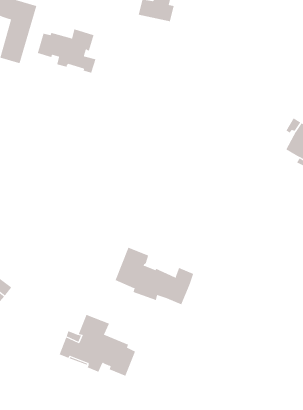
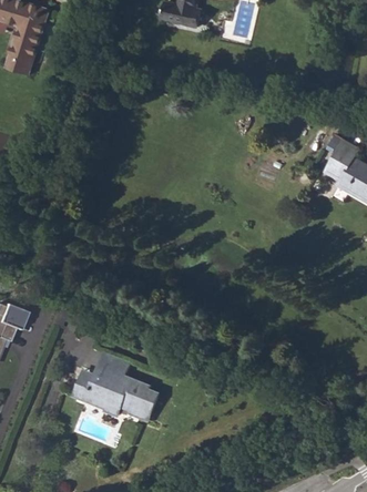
building: [37,29,96,74] -> none
building: [115,247,194,305] -> none

